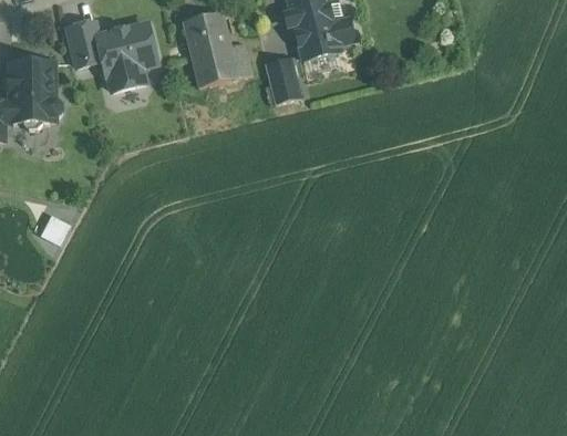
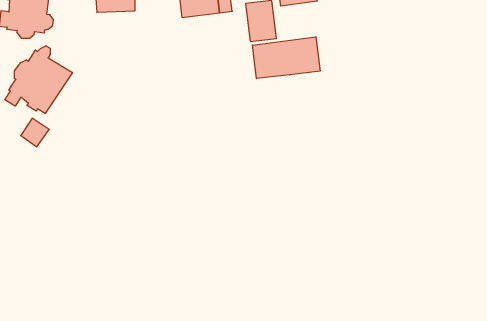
building: none -> [253,37,320,79]
building: none -> [5,46,72,114]

